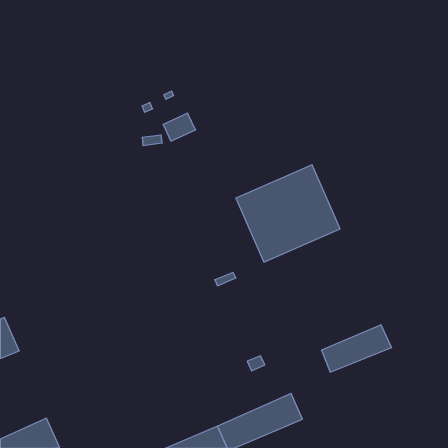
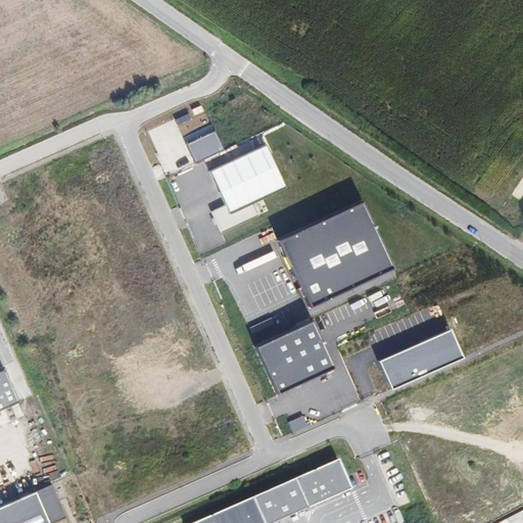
building: none -> [208,144,285,231]
building: none -> [253,315,327,382]
building: [321,325,392,372] -> [380,330,462,385]

